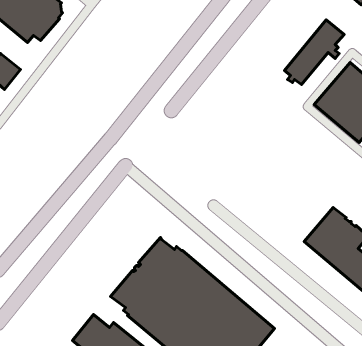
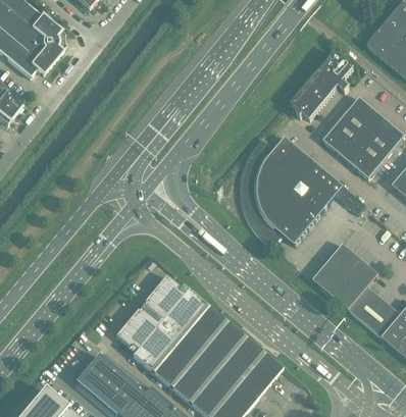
building: none -> [241,136,365,245]

